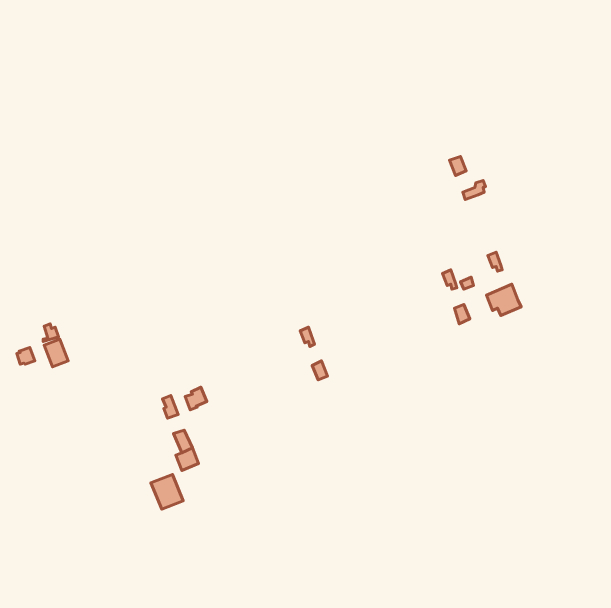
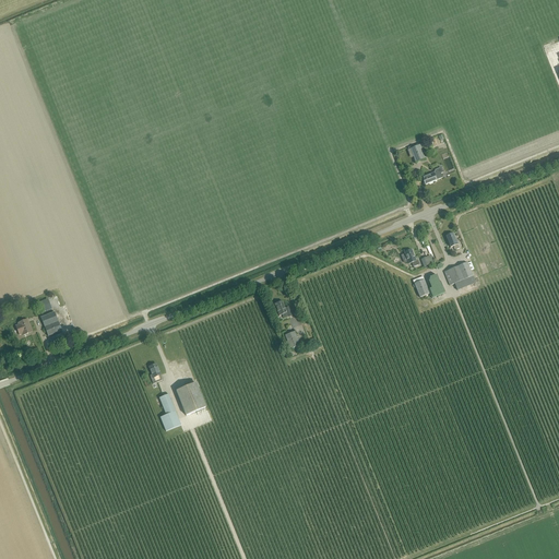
building: [151,475,183,509] -> [176,382,205,414]

